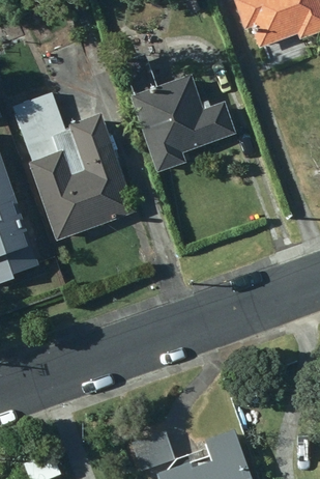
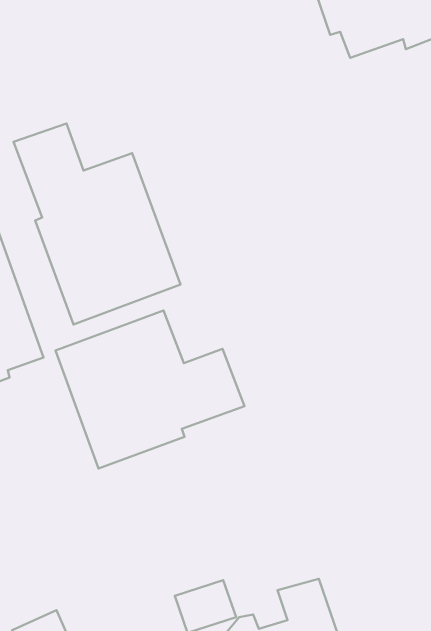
building: [123,58,236,171] -> none
building: none -> [55,310,245,468]

